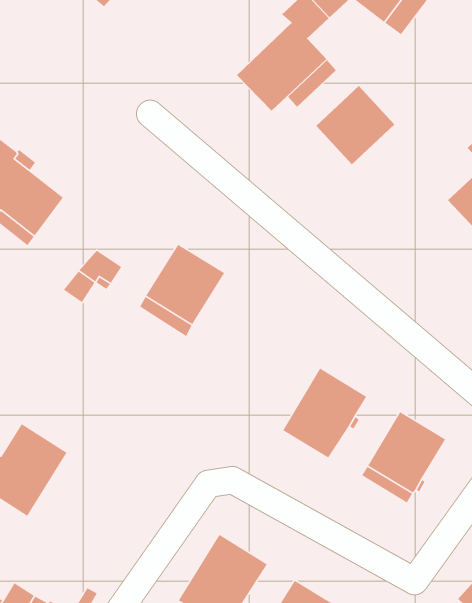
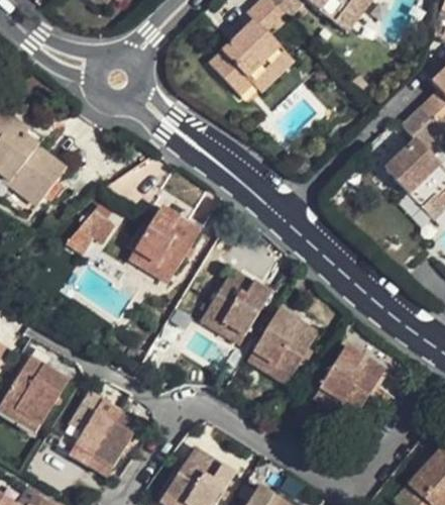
building: [316,85,395,165] -> none
building: none -> [200,268,270,343]
building: none -> [55,391,139,475]

